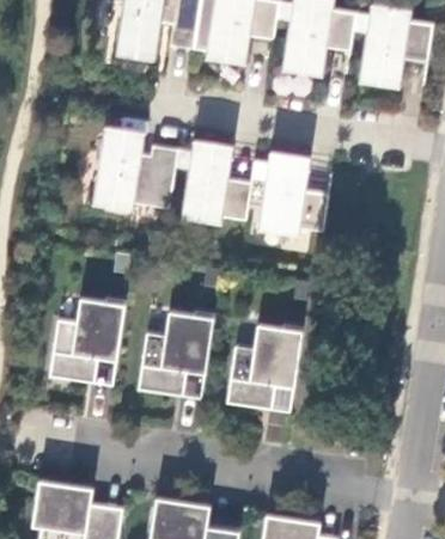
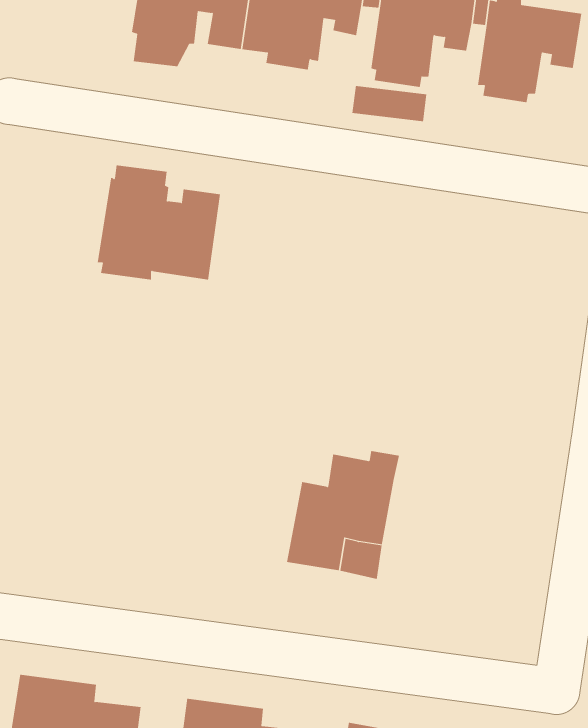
building: [183,147,252,223] -> none
building: [260,159,328,234] -> none
building: [50,299,127,384] -> none
building: [139,310,214,394] -> none

